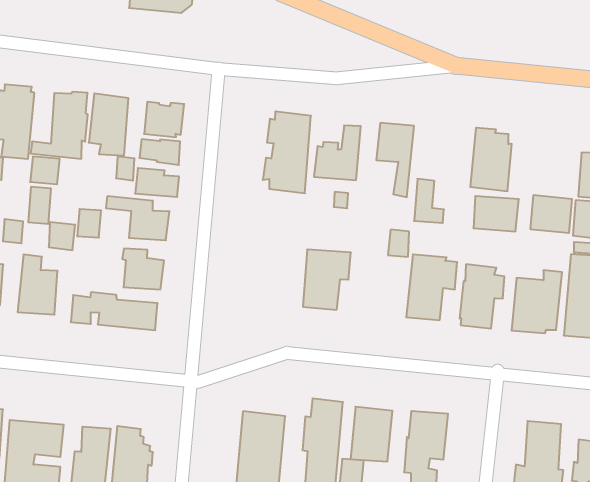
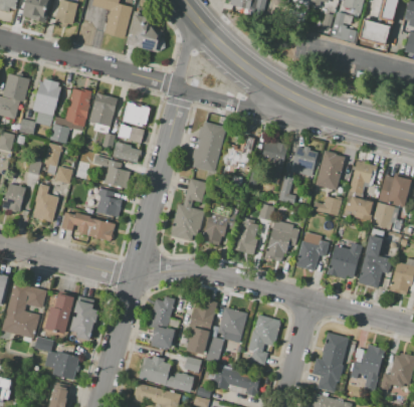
building: none -> [284,147,318,176]
building: none -> [349,160,384,193]
building: none -> [171,179,206,240]
building: none -> [233,217,258,255]

